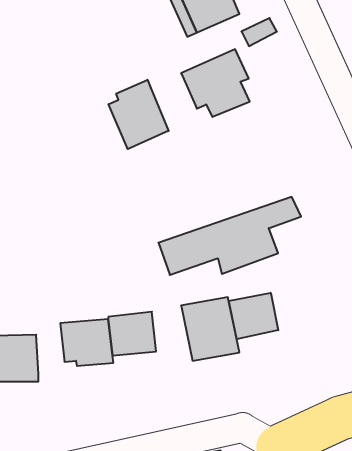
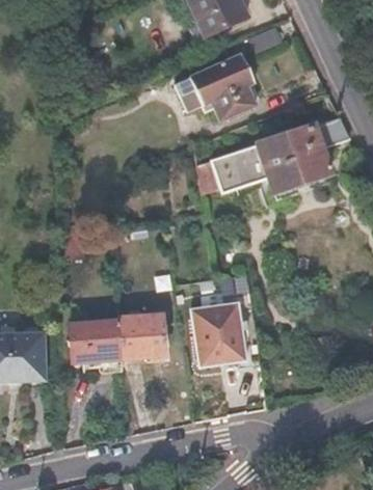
building: [109,80,169,149] -> none
building: [158,197,301,275] -> [209,115,351,193]
building: [229,293,278,339] -> none

